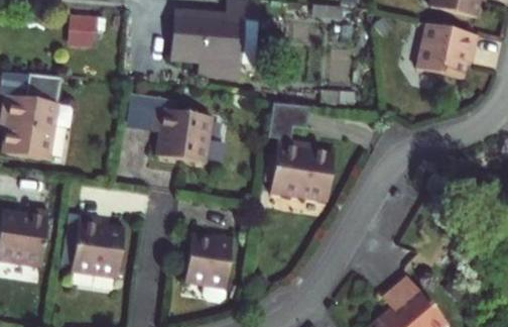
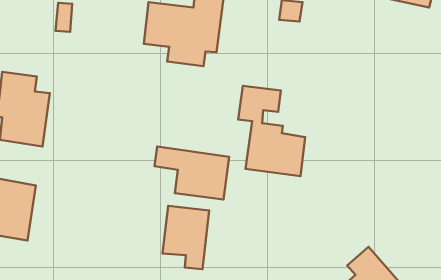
building: [415,24,479,80] -> none
building: [129,106,210,164] -> [154,147,229,200]
building: [72,212,126,279] -> none

